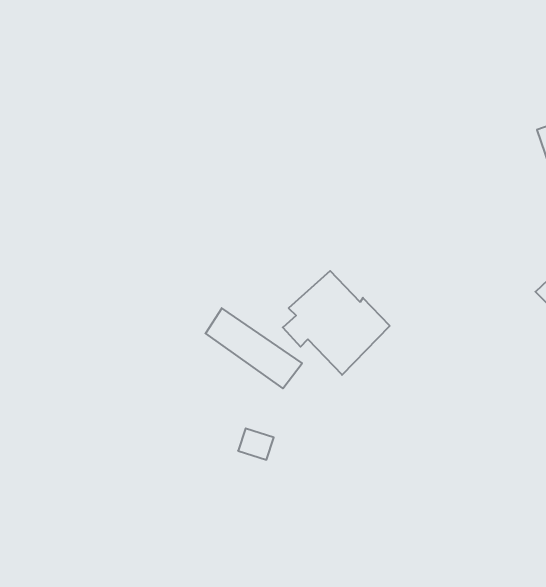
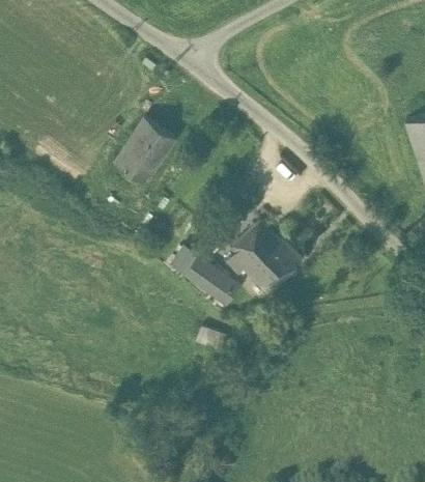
building: none -> [114,116,176,182]

